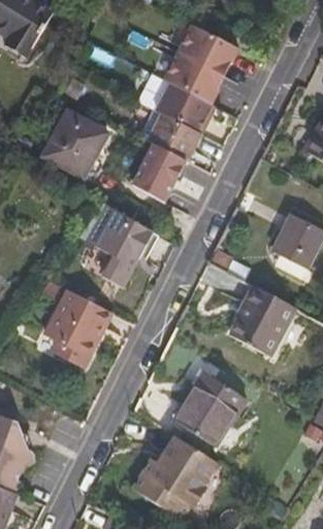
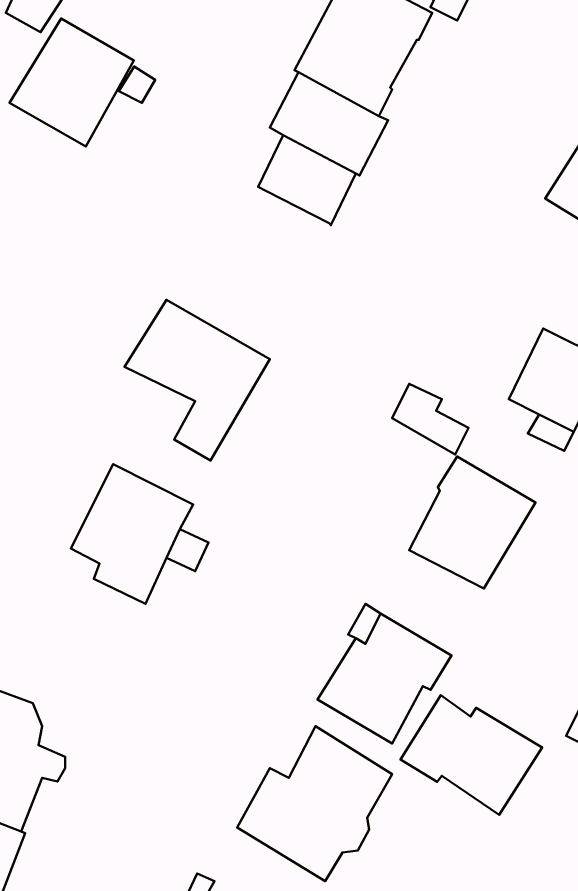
building: [35,122,102,191] -> [10,19,134,147]
building: [127,143,183,201] -> none
building: none -> [400,695,542,815]

